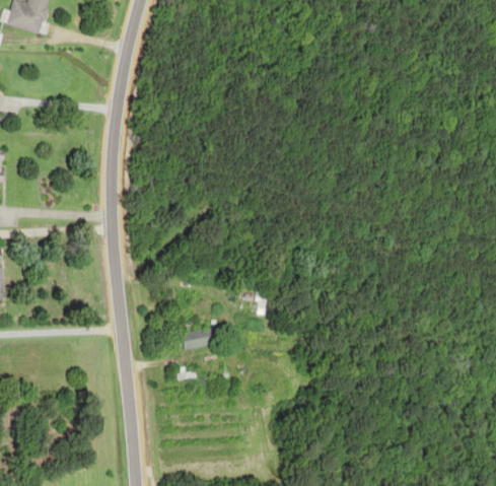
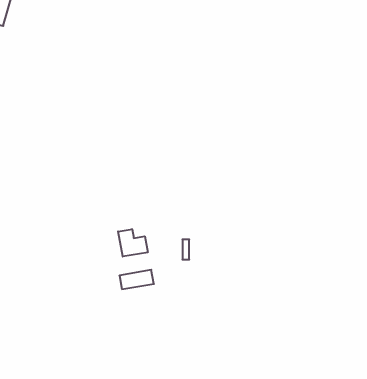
building: none -> [118,229,148,257]

